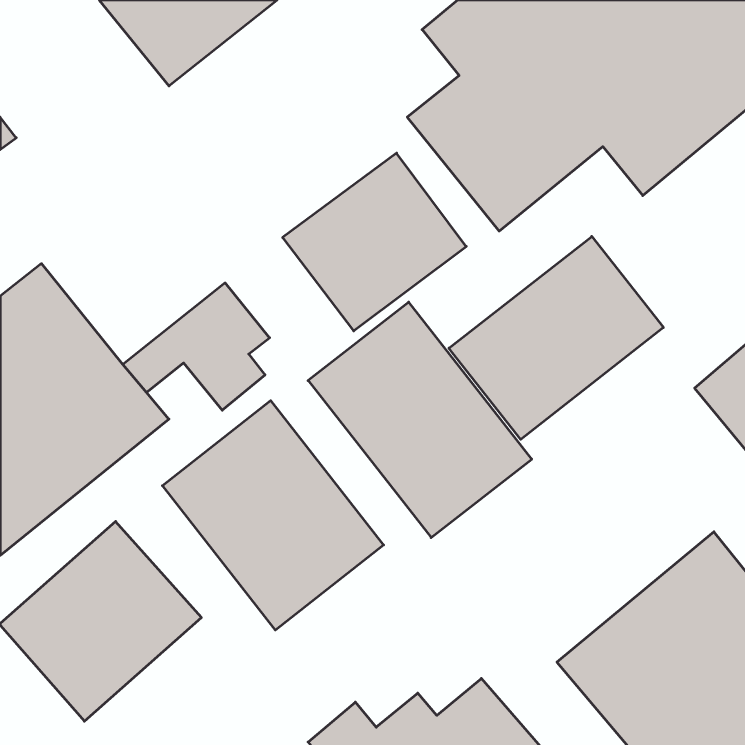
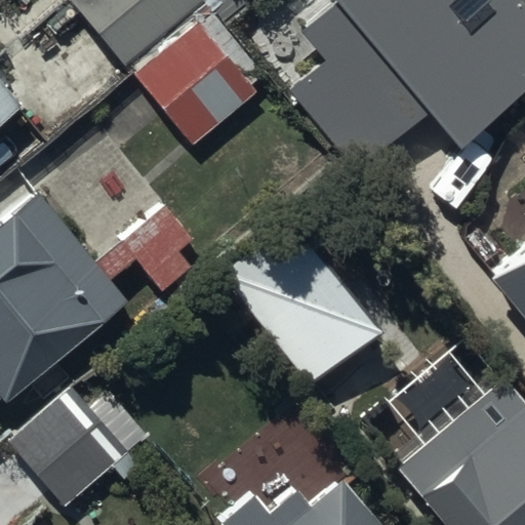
building: [283,153,466,331] -> [135,16,262,139]
building: [449,236,663,439] -> none
building: [162,401,384,630] -> none

